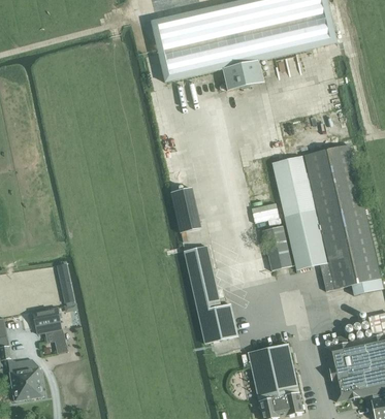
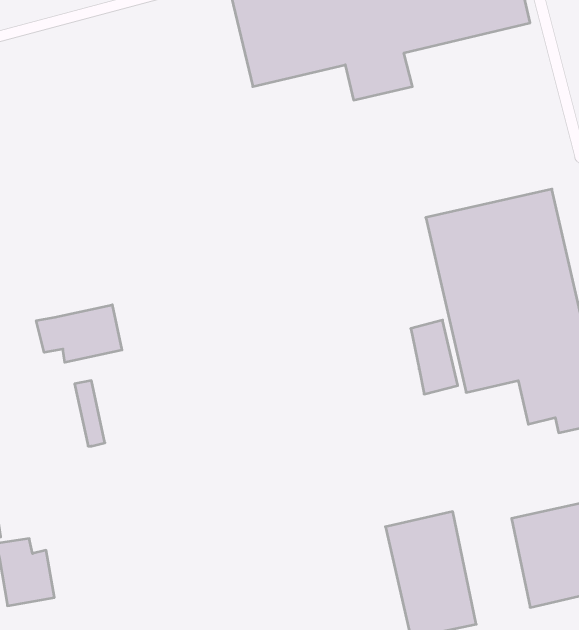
building: [169,189,198,233] -> none
building: none -> [36,305,122,362]
building: [184,245,237,343] -> none
building: [32,307,66,353] -> none

